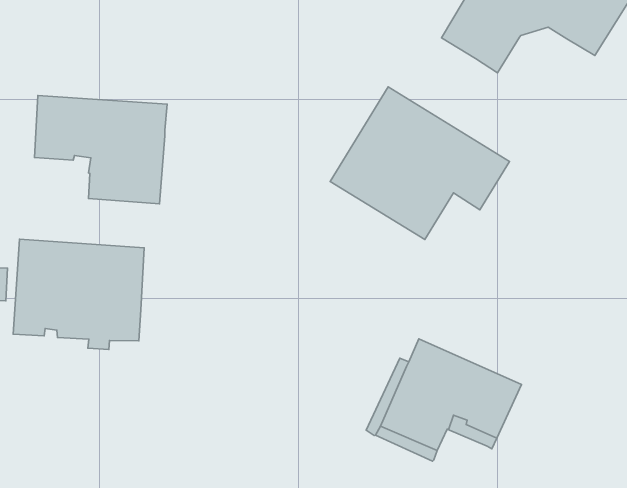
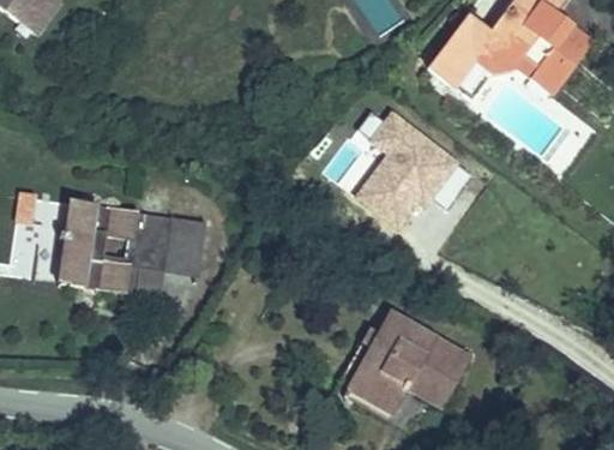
building: [35,96,167,204] -> none
building: none -> [165,217,205,274]

